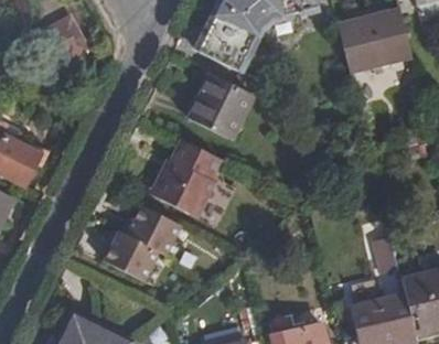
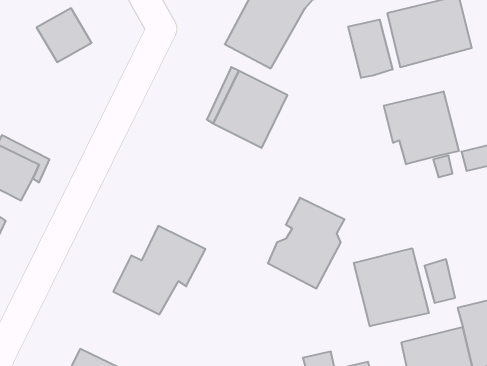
building: none -> [348,20,393,78]
building: none -> [384,91,459,164]
building: [154,140,221,218] -> [268,198,345,289]
building: none -> [354,248,429,326]

